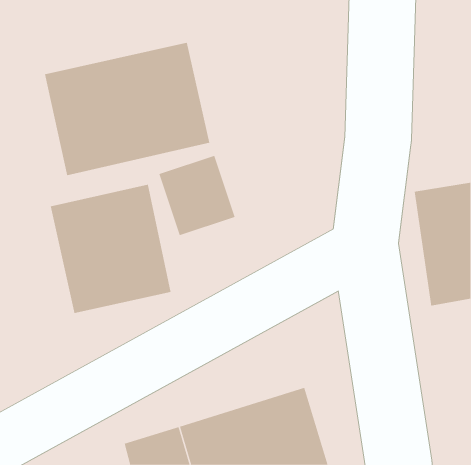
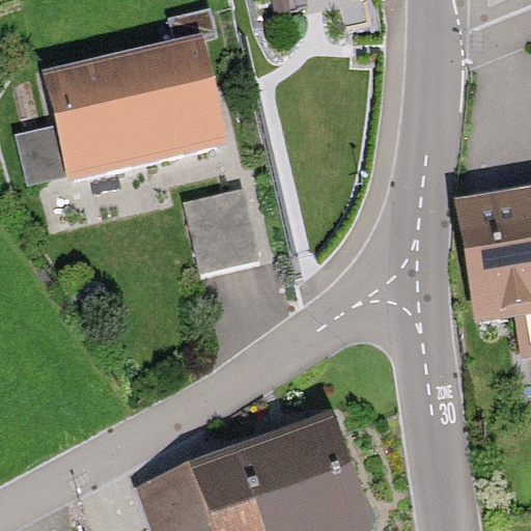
building: [50,184,171,314] -> none

